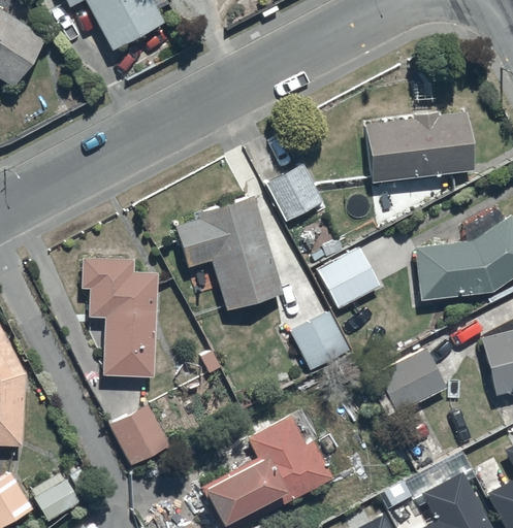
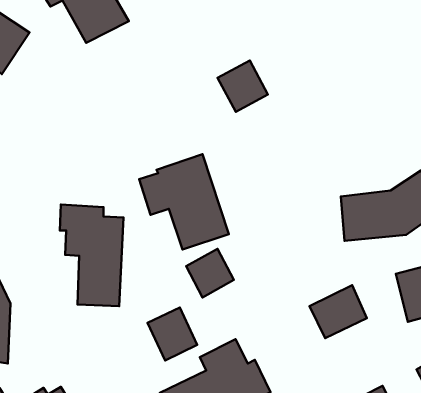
building: [367,126,473,182] -> none
building: [264,163,324,224] -> [218,61,268,112]
building: [318,248,381,309] -> none
building: [292,312,349,370] -> [186,249,234,297]
building: [110,403,169,466] -> [148,307,197,360]

